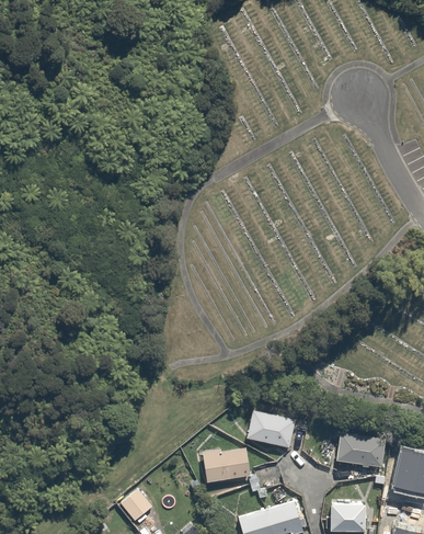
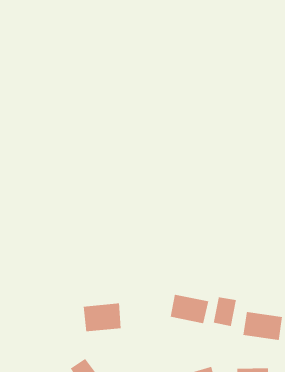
building: none -> [213,296,237,327]
building: [202,446,250,482] -> [83,303,122,332]

